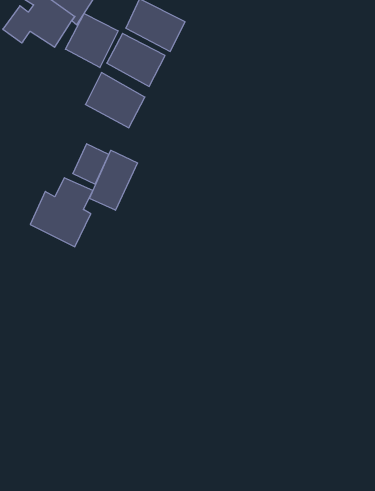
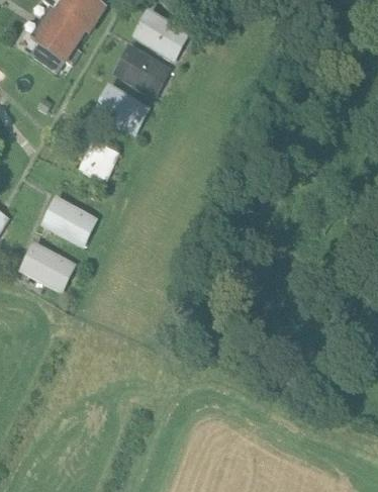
building: [65,13,118,68] -> none
building: [89,150,137,210] -> none
building: none -> [19,240,77,293]

